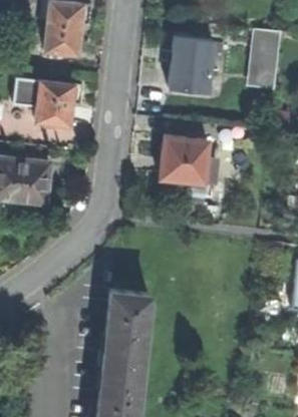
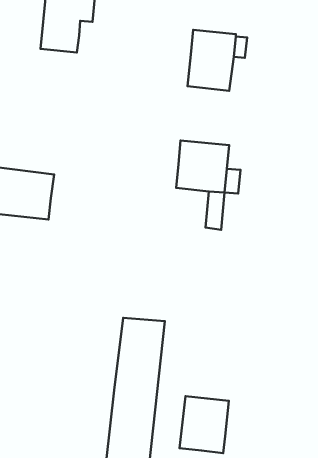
building: [247,28,279,88] -> none
building: [13,78,84,125] -> none
building: none -> [180,396,229,453]

